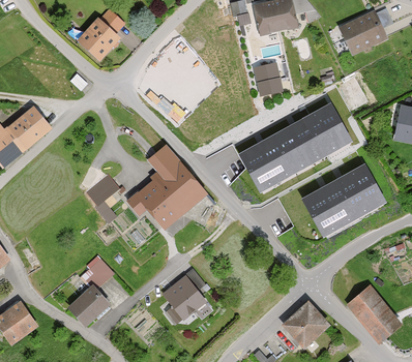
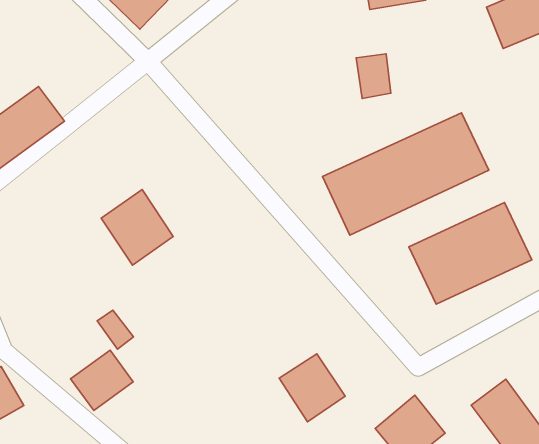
building: [137,143,209,230] -> none
building: [163,273,209,321] -> [279,354,345,422]

